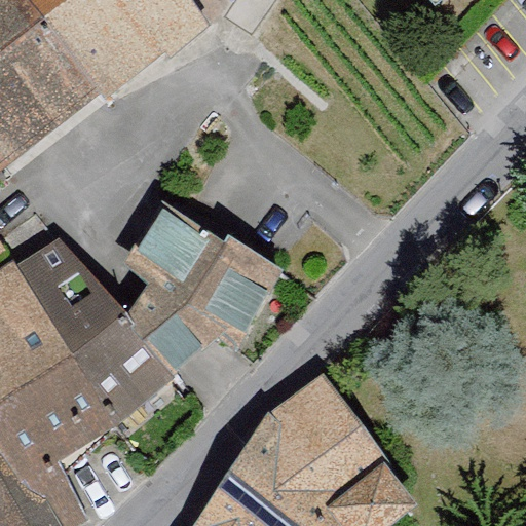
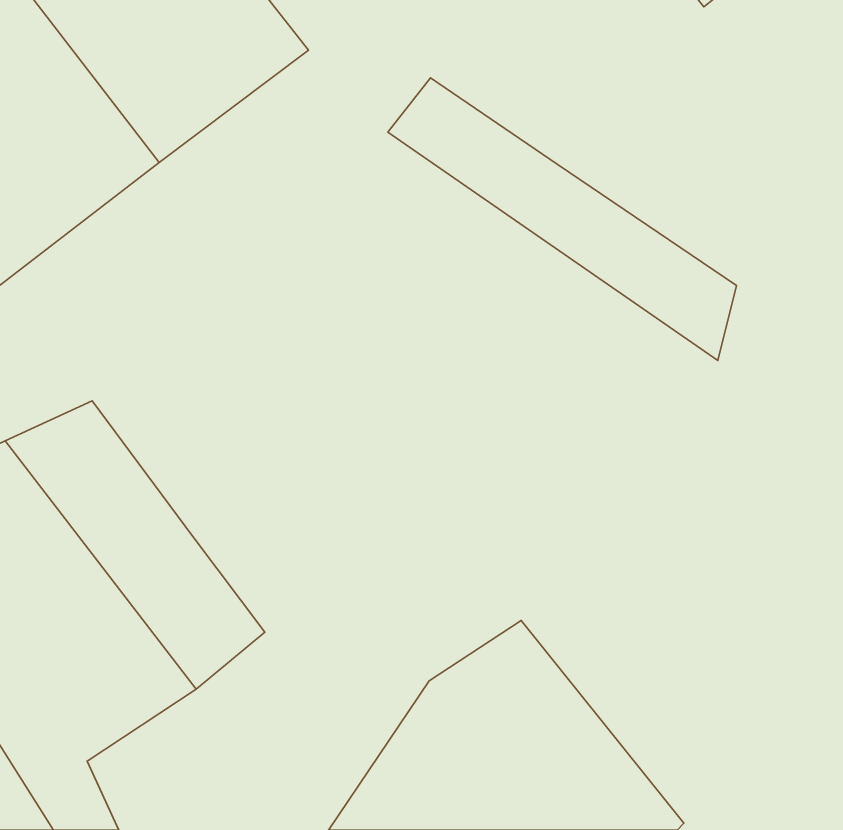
building: none -> [388,78,737,361]
building: [118,197,278,387] -> none

